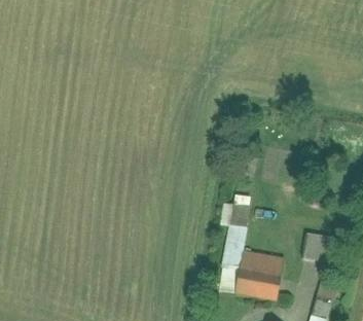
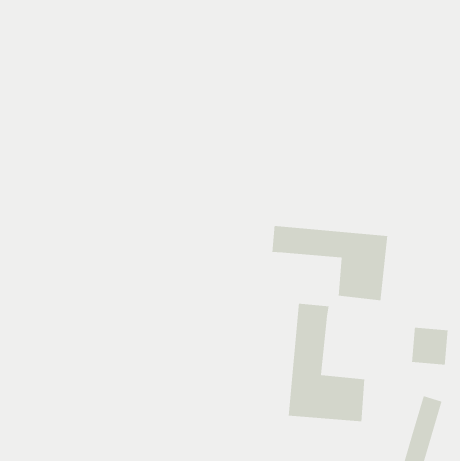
building: none -> [271,225,388,301]

